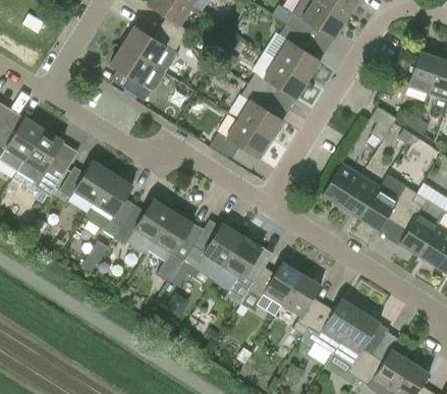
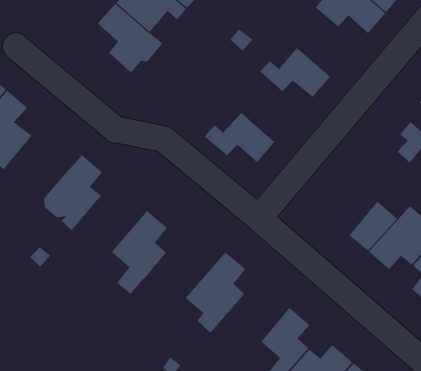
building: [276,24,320,79] -> none
building: [238,83,282,139] -> none
building: [59,160,113,203] -> none
building: [322,163,360,207] -> none
building: [114,199,173,254] -> none
building: [184,223,242,278] -> none
building: [241,261,301,309] -> none

